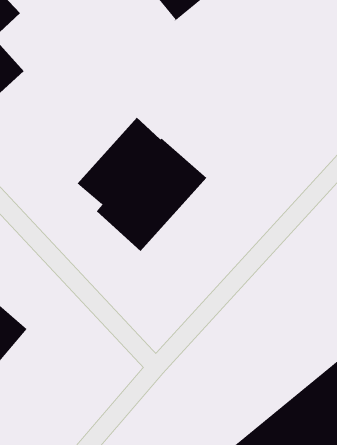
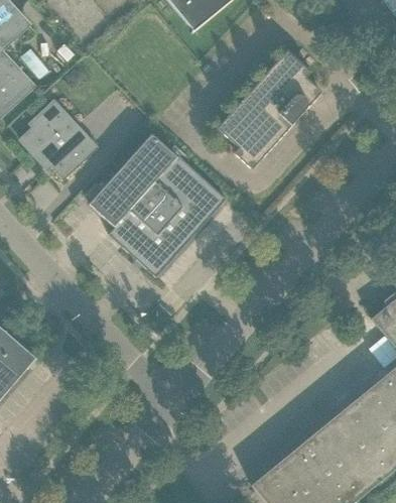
building: none -> [218,51,320,167]
building: none -> [19,101,96,176]

